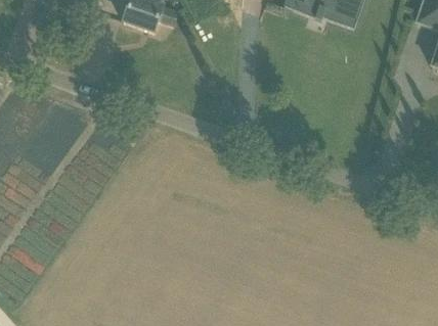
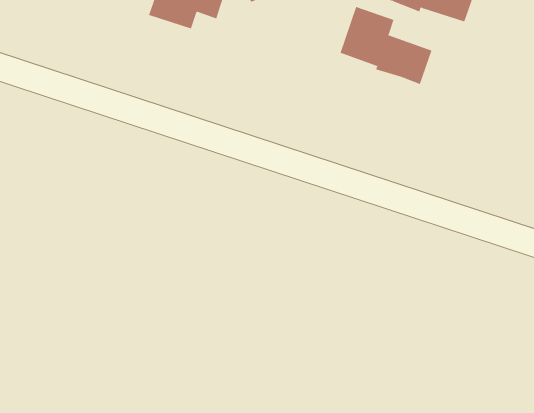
building: none -> [340,6,432,85]

